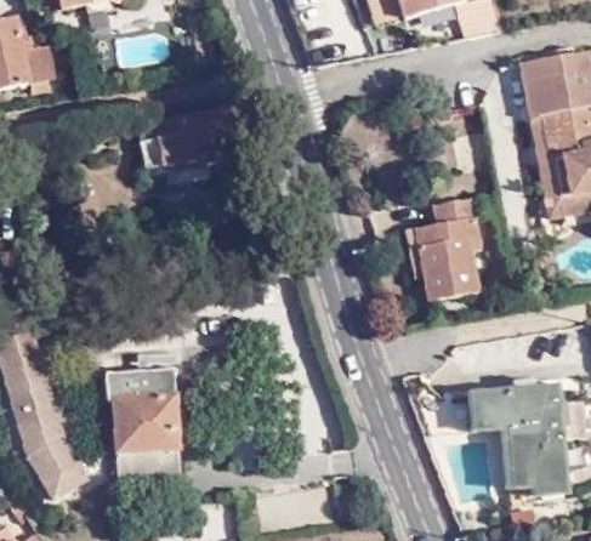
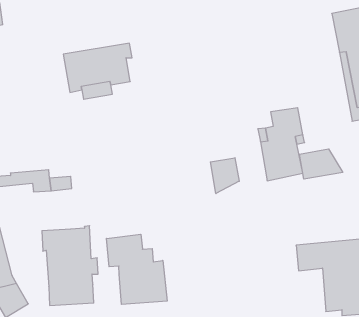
building: none -> [300,149,343,179]
building: none -> [210,158,239,194]
building: none -> [106,234,167,304]

